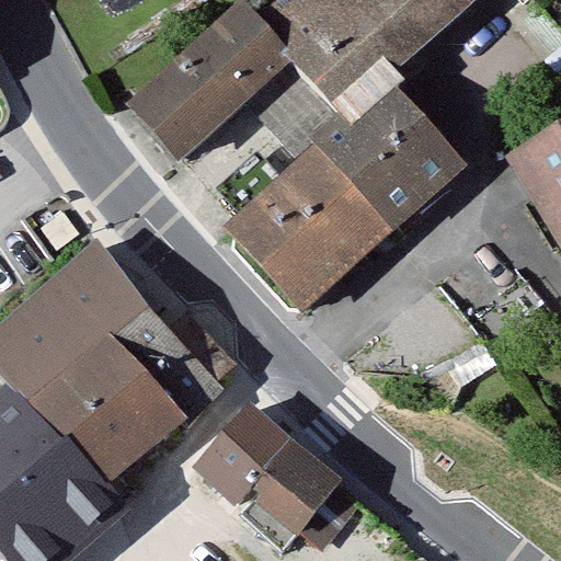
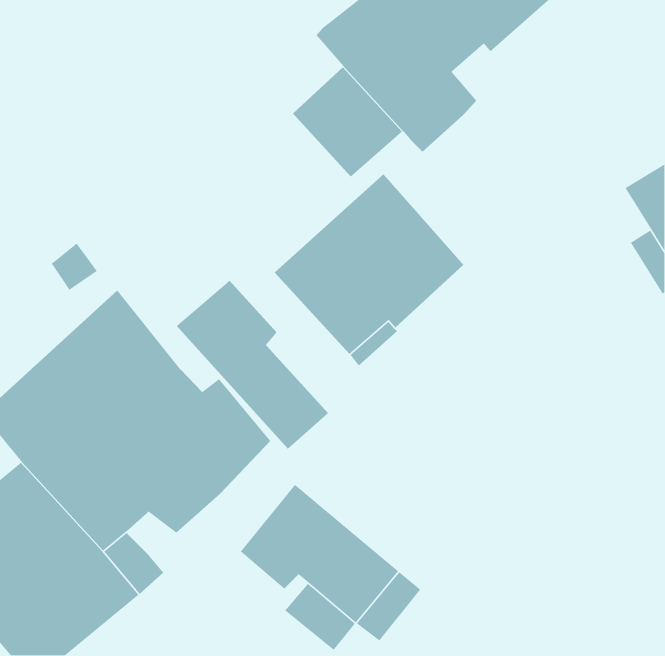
building: [139,8,288,150] -> none
building: [318,96,453,222] -> none
building: none -> [176,280,329,450]

